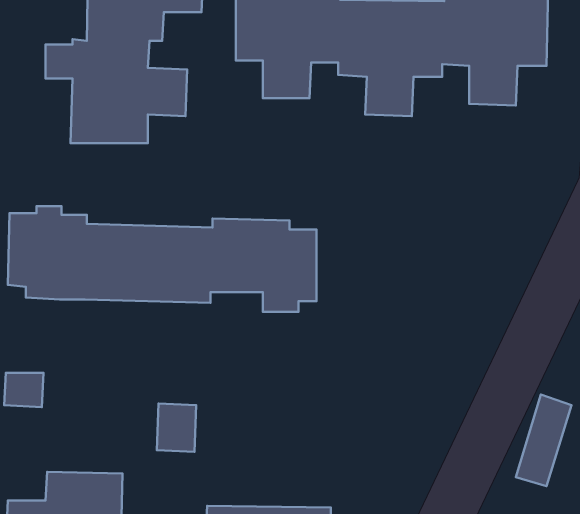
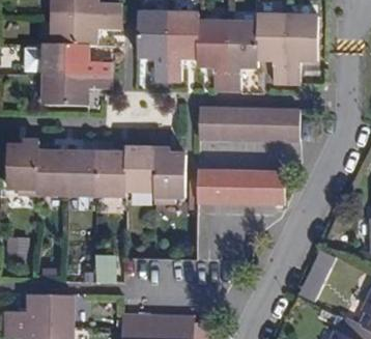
building: none -> [198,107,298,141]
building: none -> [197,170,284,204]

